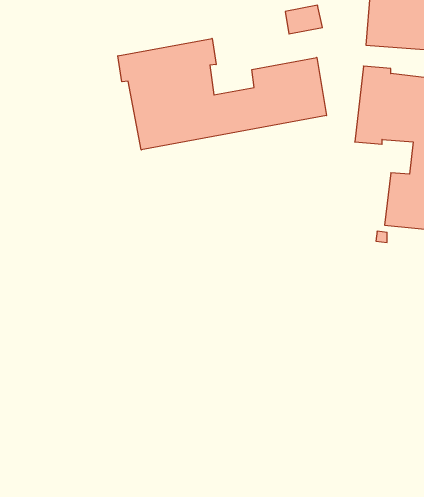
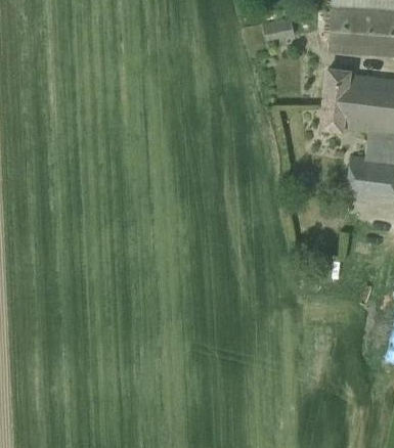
building: [118,38,326,150] -> none

